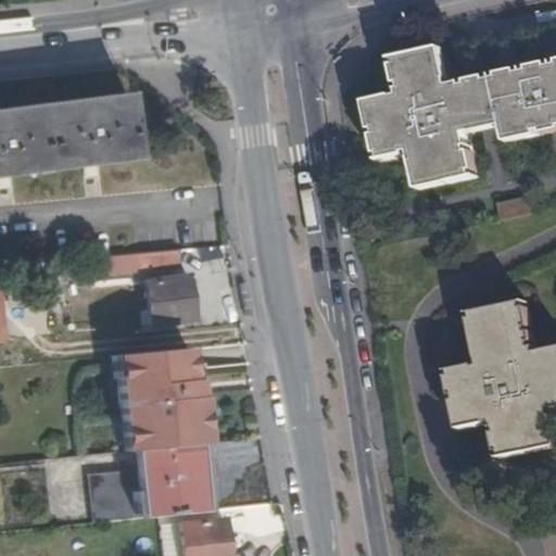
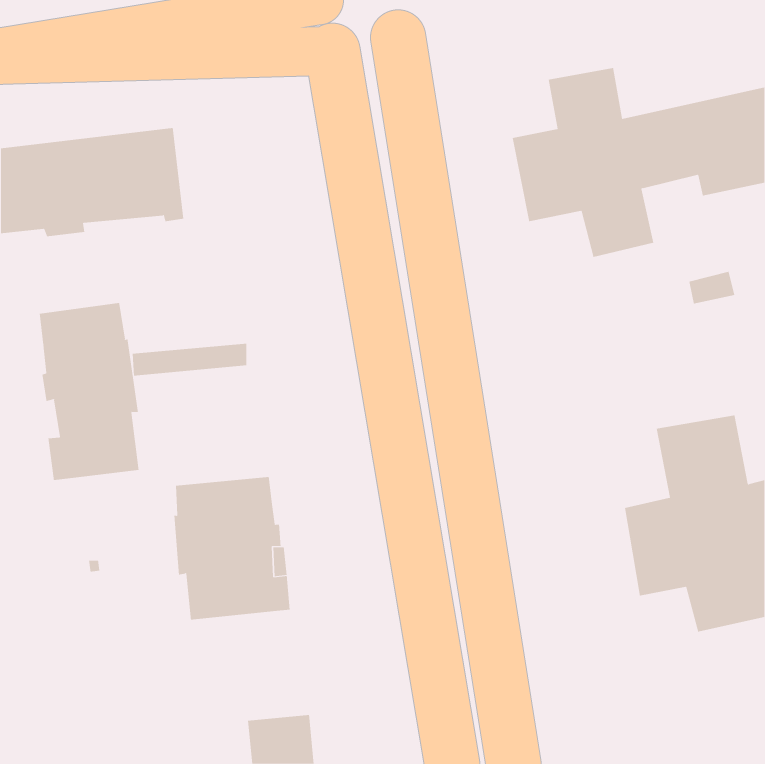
building: none -> [39,302,139,481]
building: [144,275,193,324] -> none
building: [89,443,213,520] -> none

